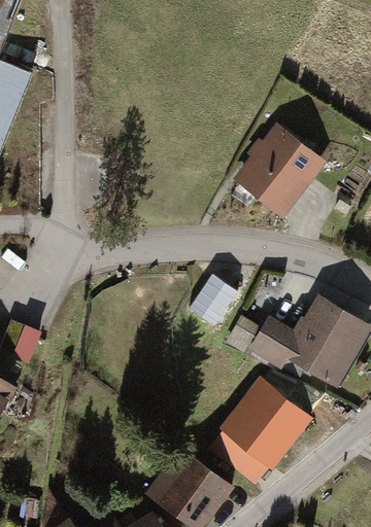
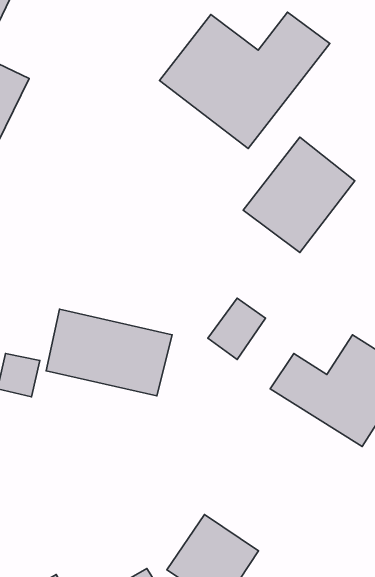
building: none -> [159,12,330,148]
building: none -> [46,309,172,396]
building: [223,381,315,482] -> none

